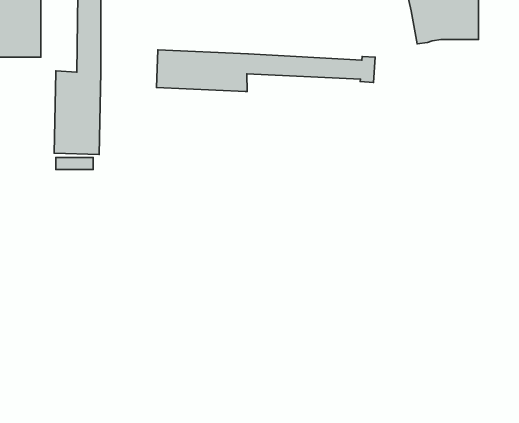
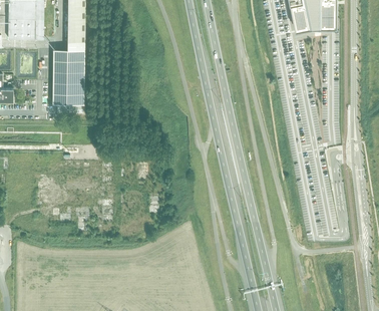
building: [157,50,375,92] -> none

